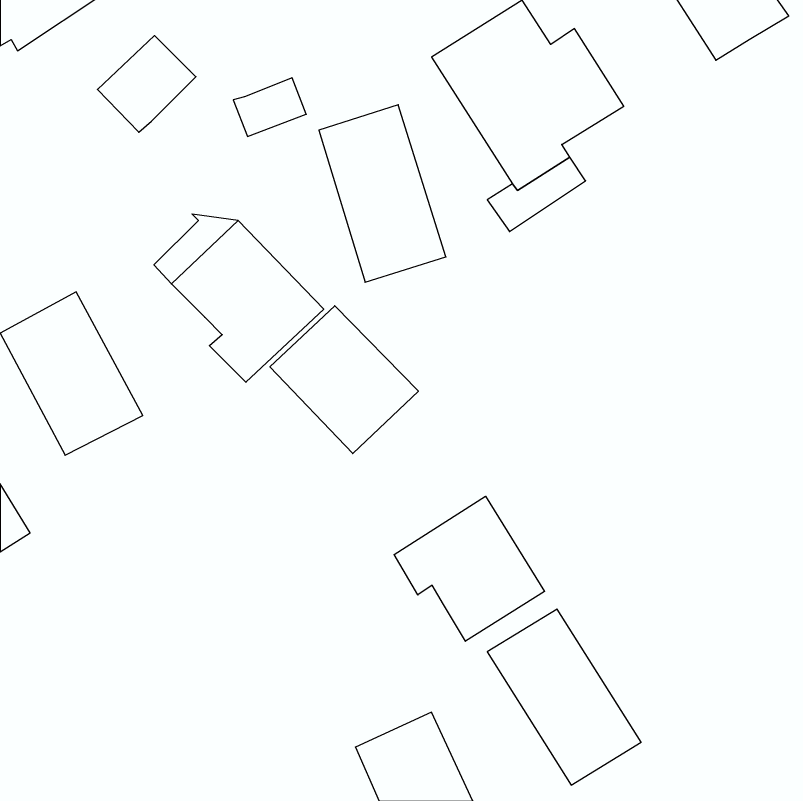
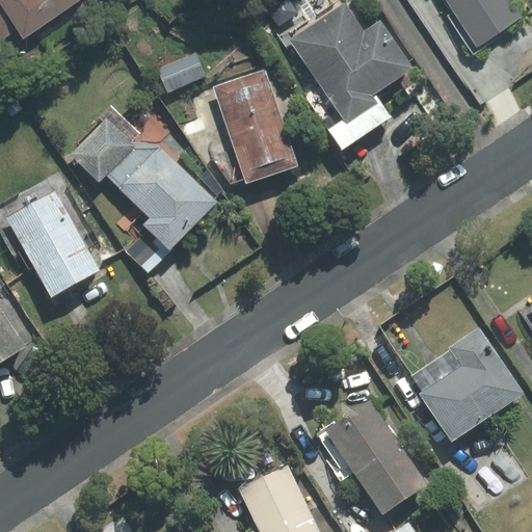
building: [97,36,196,132] -> [71,117,135,181]
building: [270,306,418,454] -> none
building: [394,496,545,641] -> none
building: none -> [417,326,524,443]

